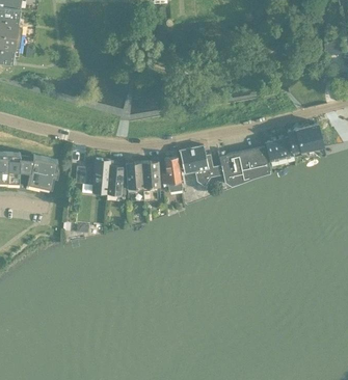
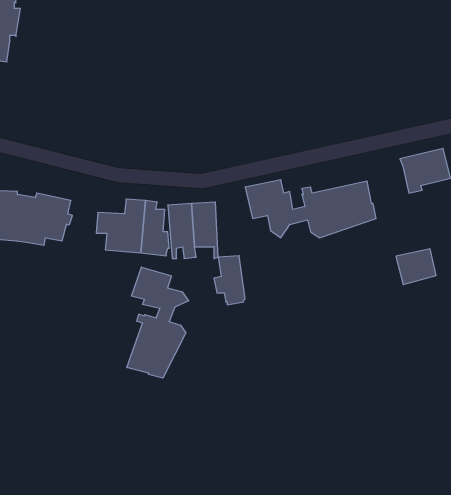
building: [265,135,293,160] -> [396,249,436,285]
building: [160,156,182,190] -> [214,256,245,305]
building: none -> [127,267,189,378]

